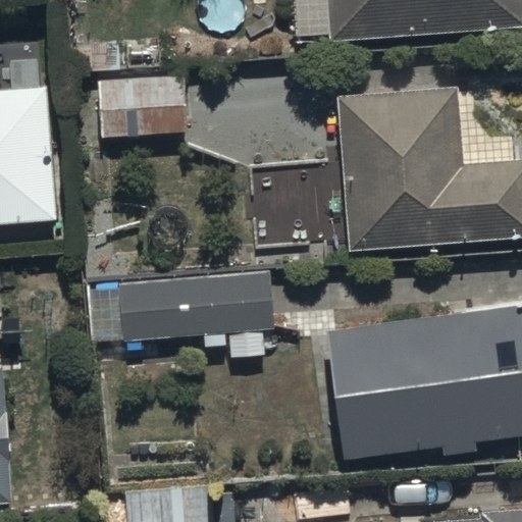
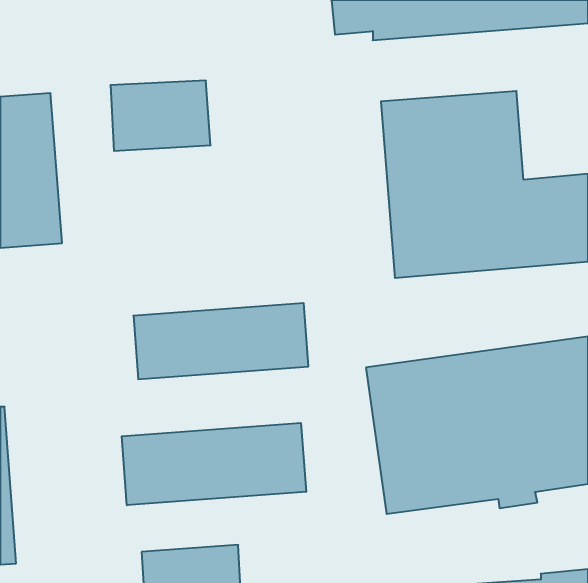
building: none -> [122,423,306,505]

